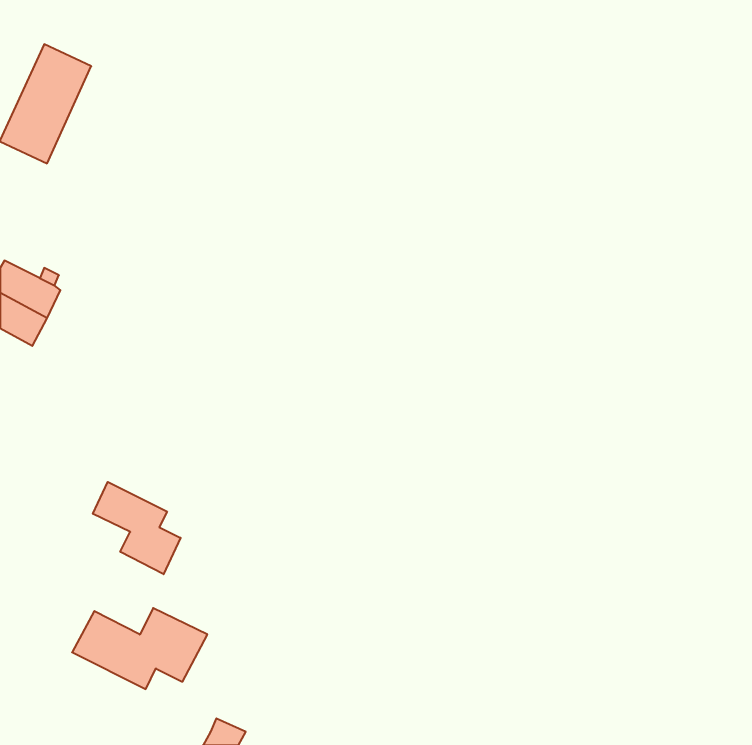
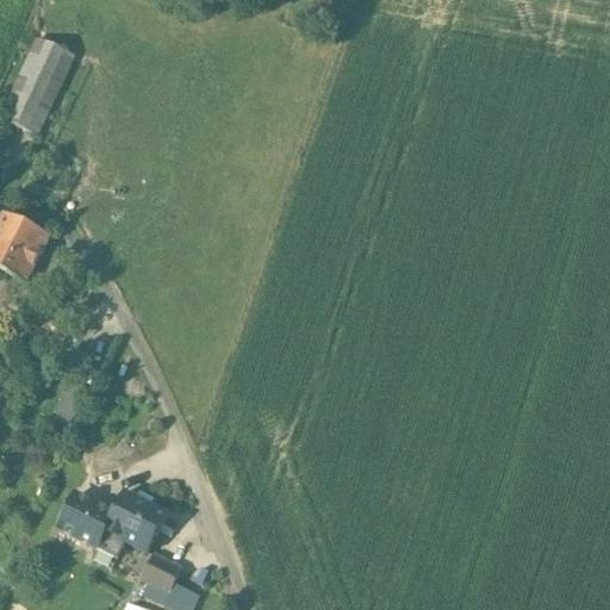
building: [93,482,181,574] -> none
building: none -> [142,553,182,592]

